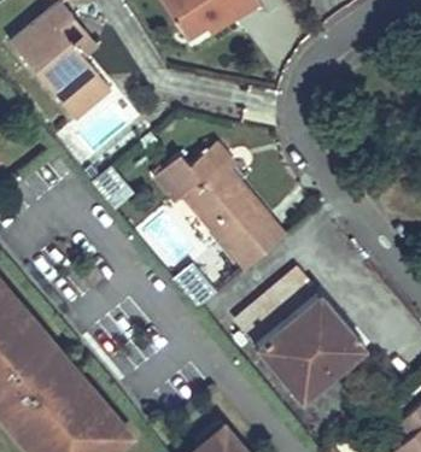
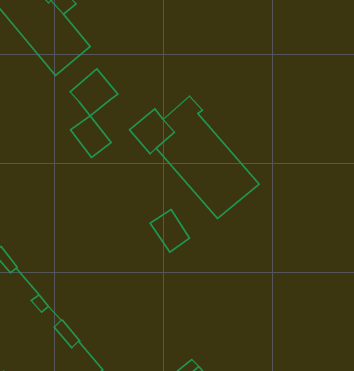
building: none -> [70,69,118,116]
building: [235,268,363,399] -> none

